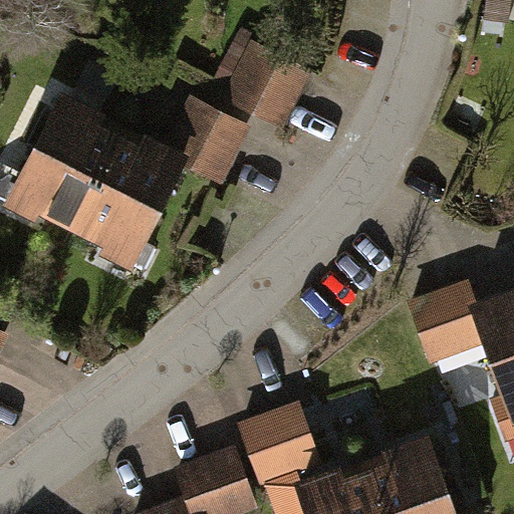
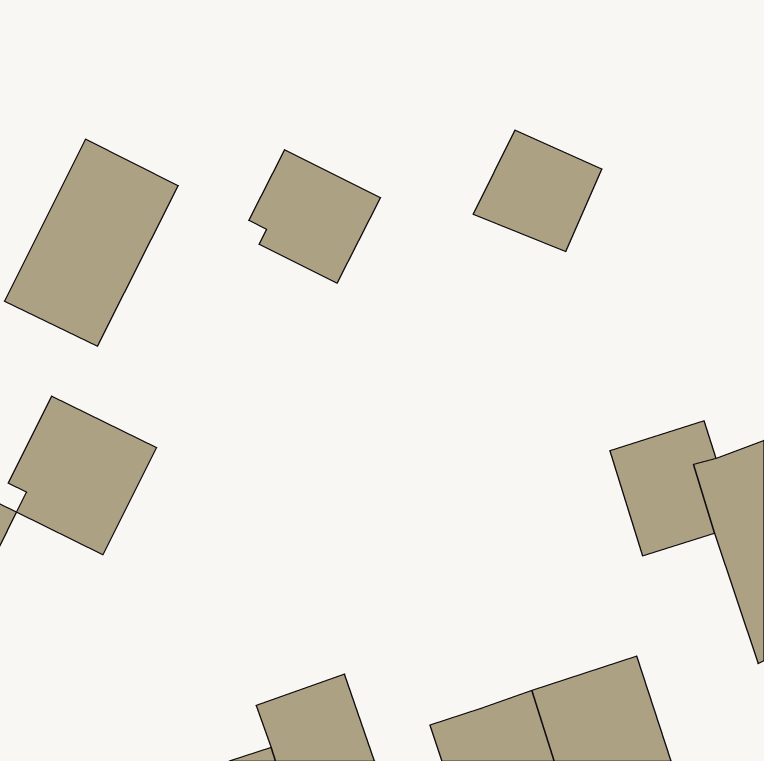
building: [224,48,310,130] -> [473,130,602,251]
building: [65,124,179,262] -> none
building: none -> [8,396,157,555]
building: [240,406,322,494] -> none

